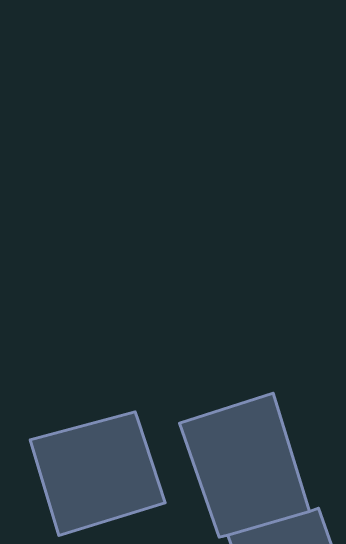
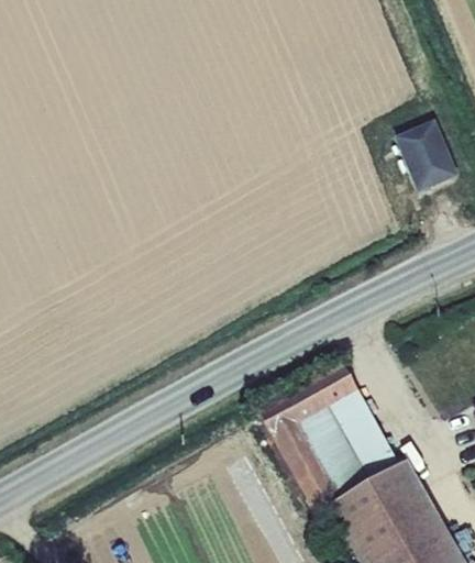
building: [30,412,165,536] -> none

